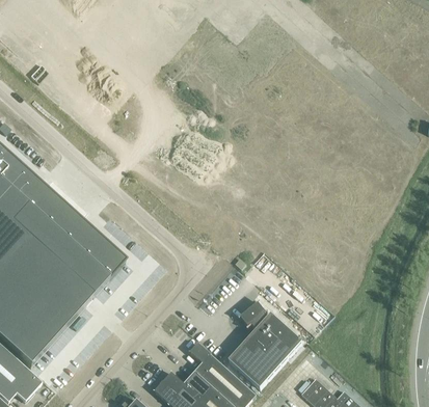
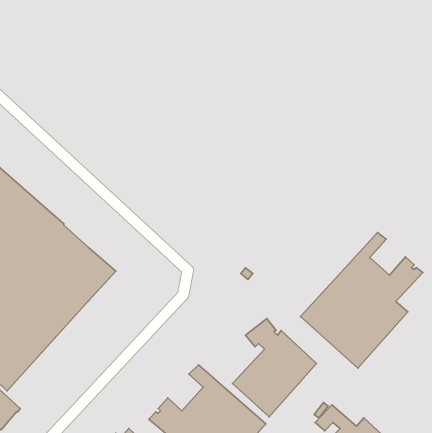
building: none -> [301,233,423,368]

